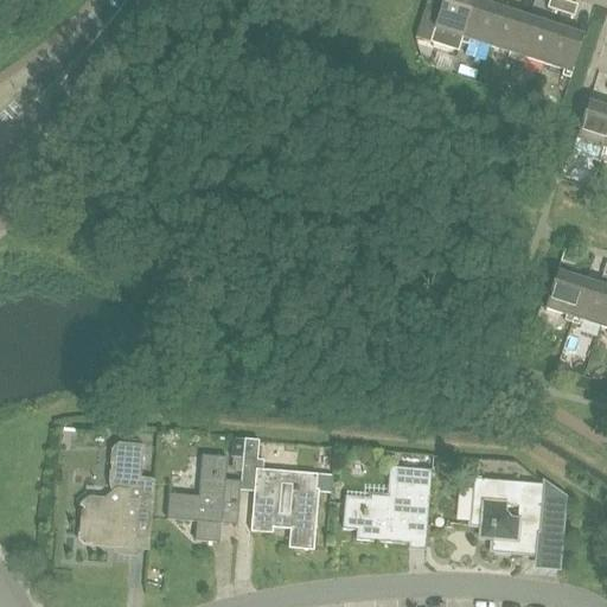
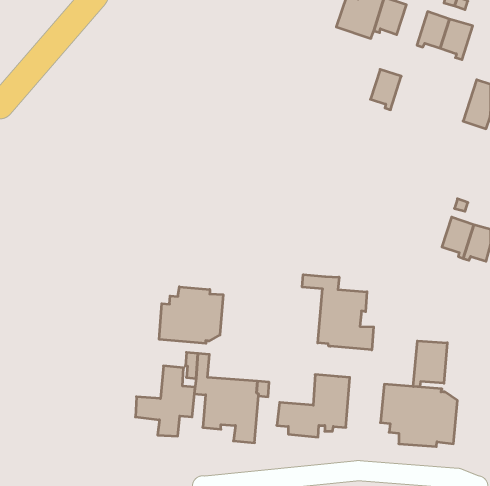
building: [491,6,529,56] -> [370,69,401,110]
building: none -> [302,275,374,350]
building: none -> [159,287,223,343]
building: none -> [413,341,447,387]
building: [79,439,156,547] -> none

